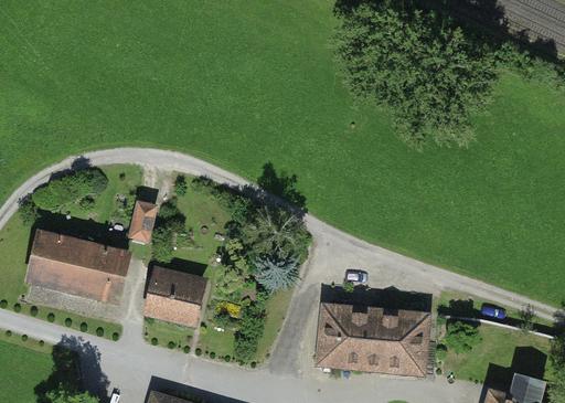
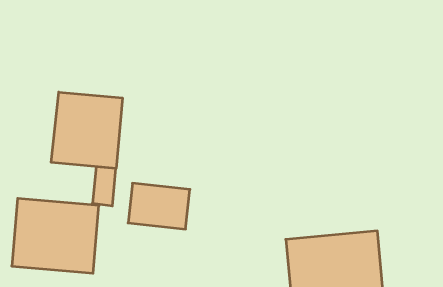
building: none -> [51,92,122,168]
building: [146,274,216,330] -> [128,183,190,229]

